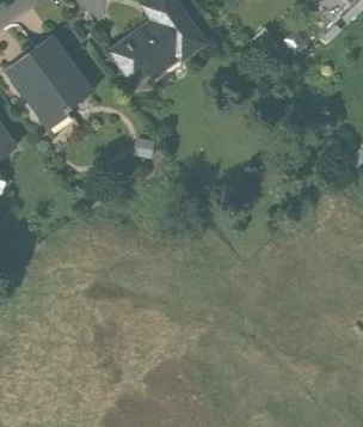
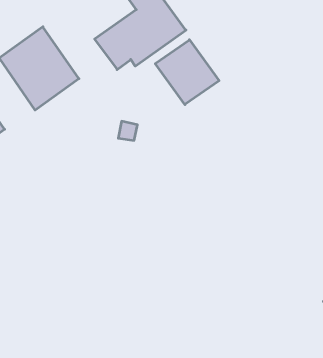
building: none -> [155,40,219,105]

